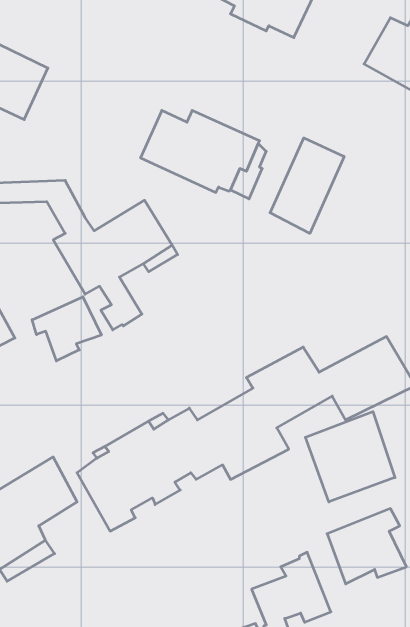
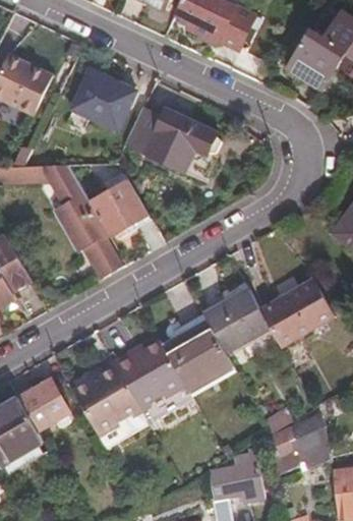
building: none -> [70,70,133,128]
building: [270,138,344,233] -> none
building: [32,297,101,361] -> none
building: [305,412,395,502] -> none

